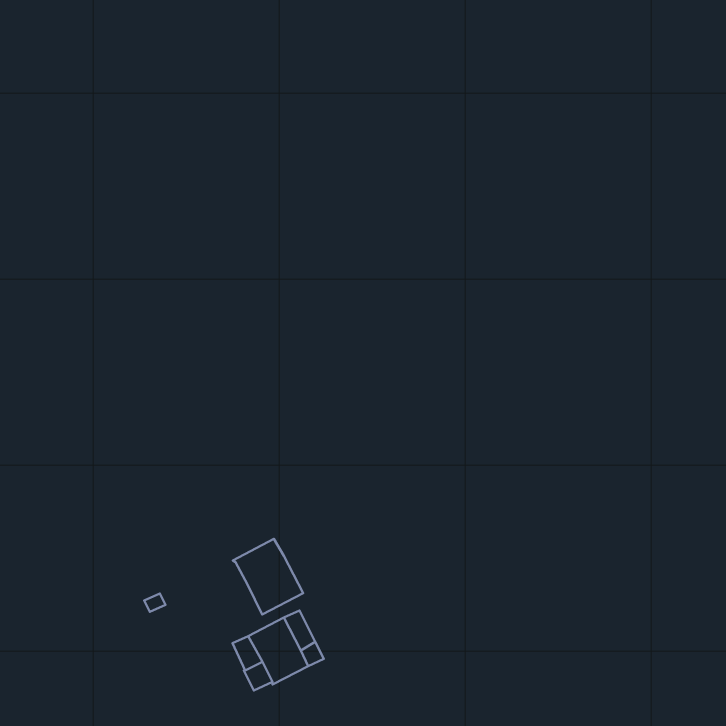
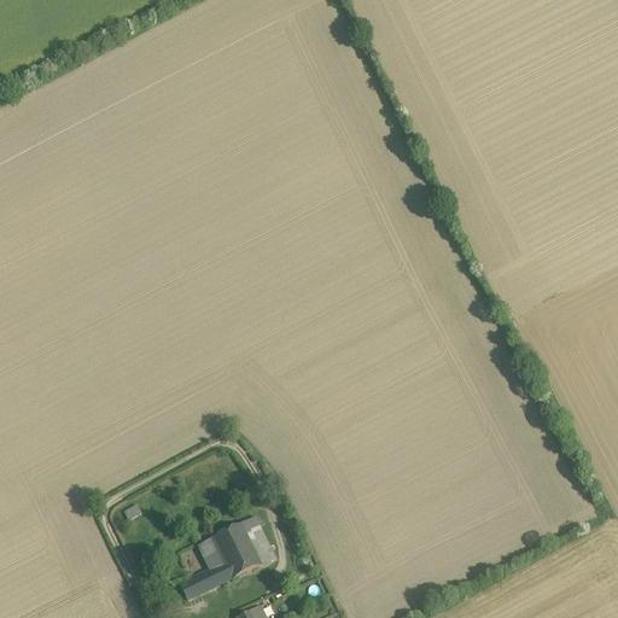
building: [233,539,303,615] -> none
building: none -> [177,567,215,599]

